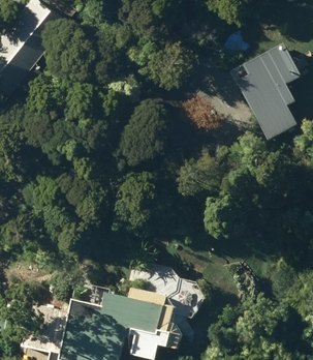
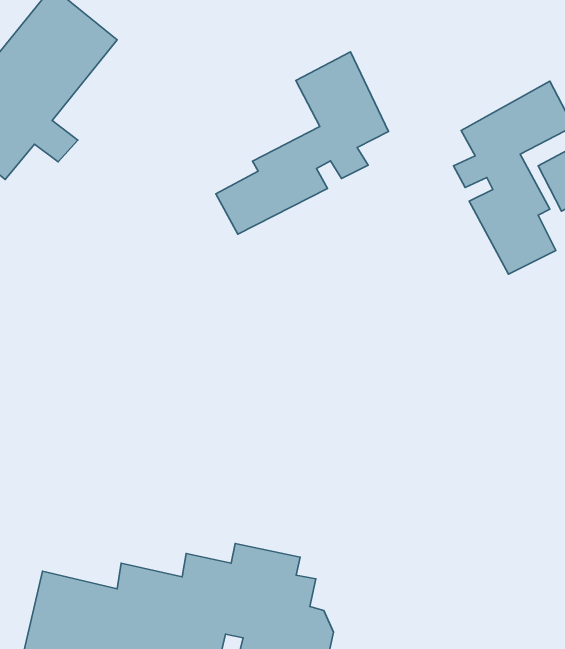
building: none -> [216,52,389,234]

